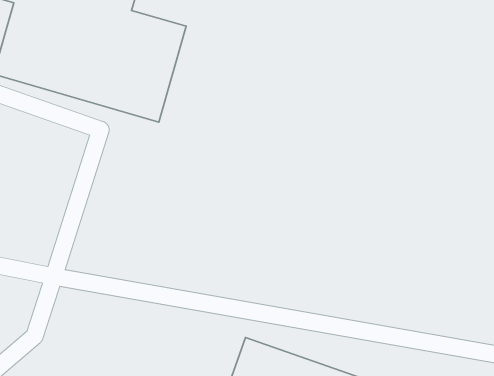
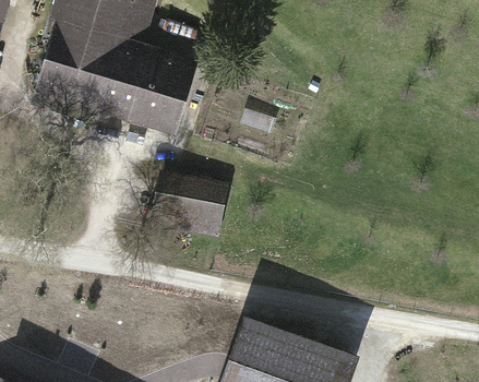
building: none -> [149,175,229,237]

